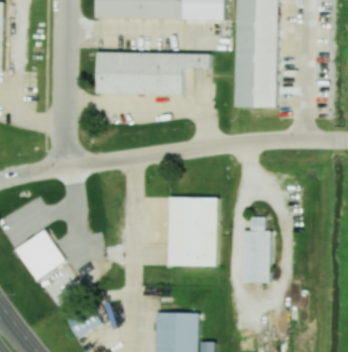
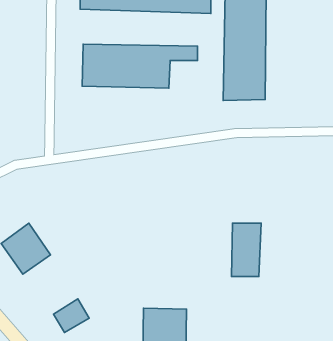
building: [167,194,219,264] -> none

